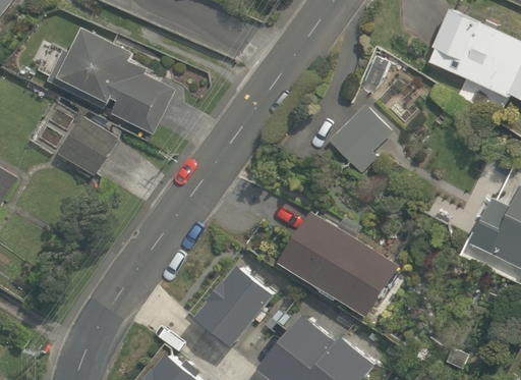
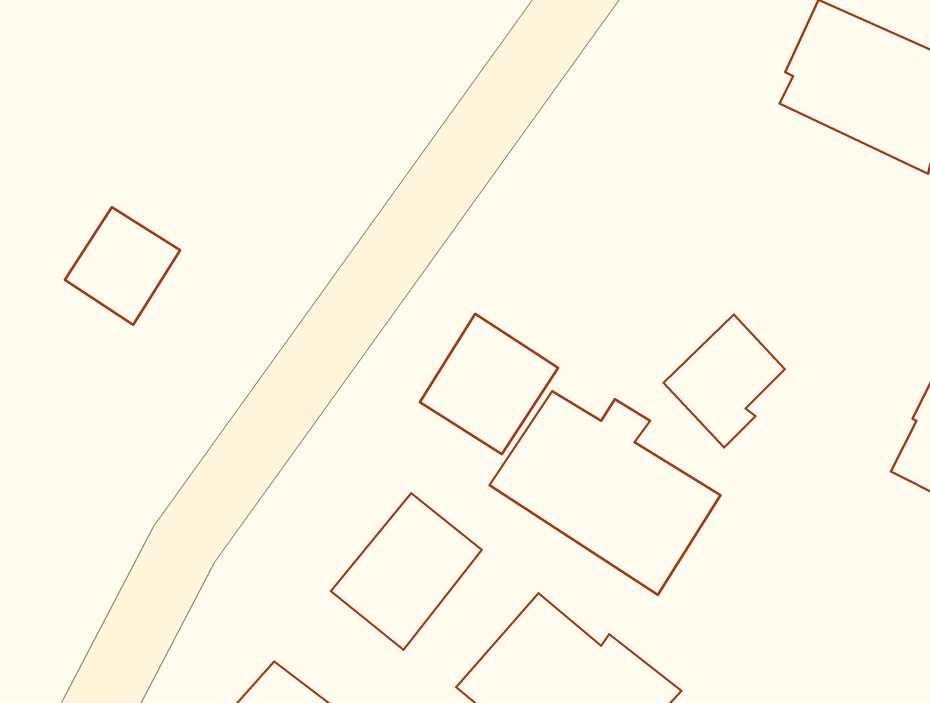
building: [45,24,173,134] -> none
building: [327,104,390,173] -> [663,314,785,448]
building: none -> [420,314,558,454]

